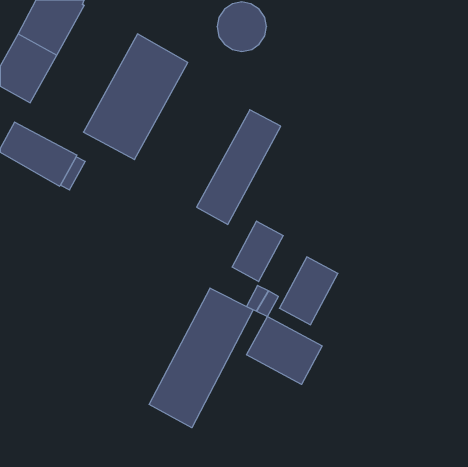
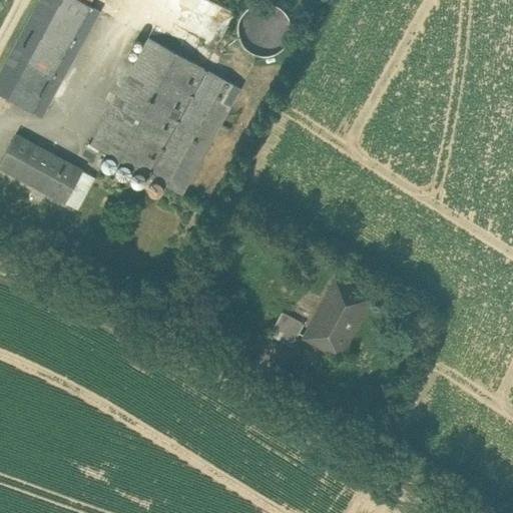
building: [197,110,281,224] -> [147,70,239,195]
building: [232,221,283,282] -> none
building: [149,288,253,428] -> none
building: [247,317,322,384] -> none

